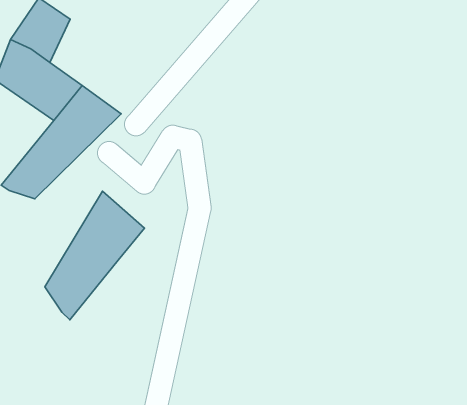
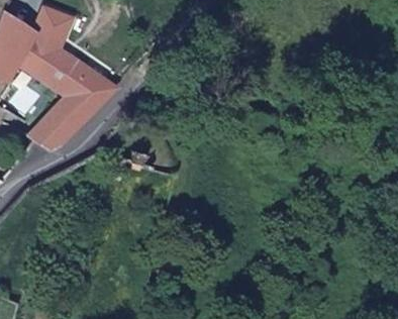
building: [45,191,144,320] -> none

